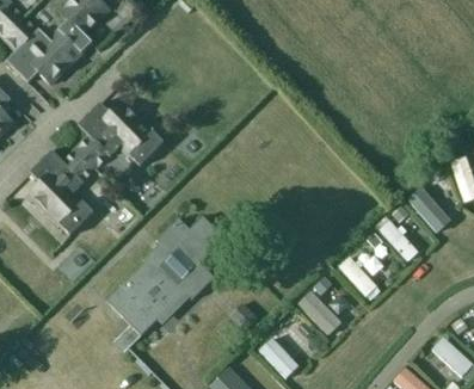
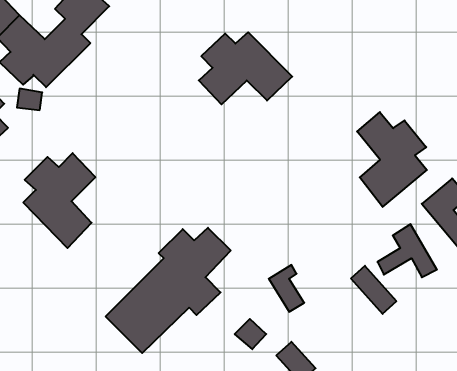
building: [74,103,162,171] -> [199,32,292,104]
building: none -> [357,112,427,207]
building: [298,288,332,332] -> [269,265,304,312]

